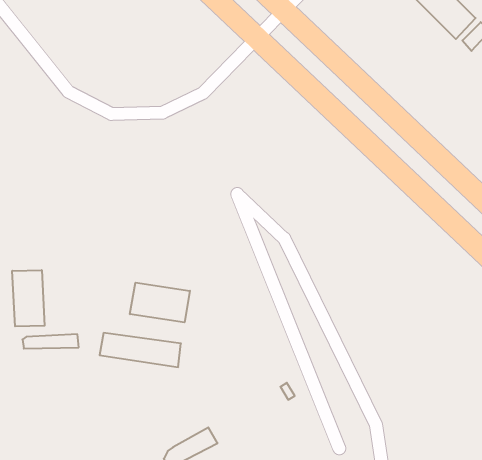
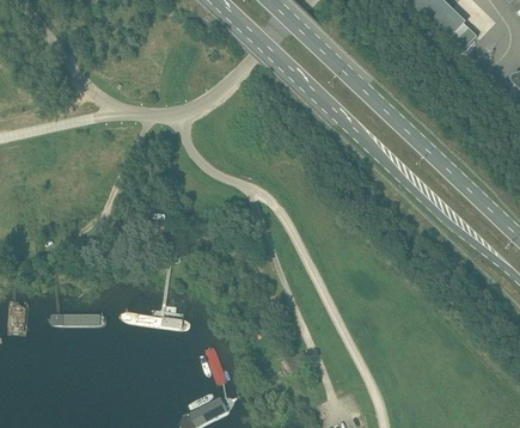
building: [12,270,45,326] -> none
building: [130,283,190,322] -> none

